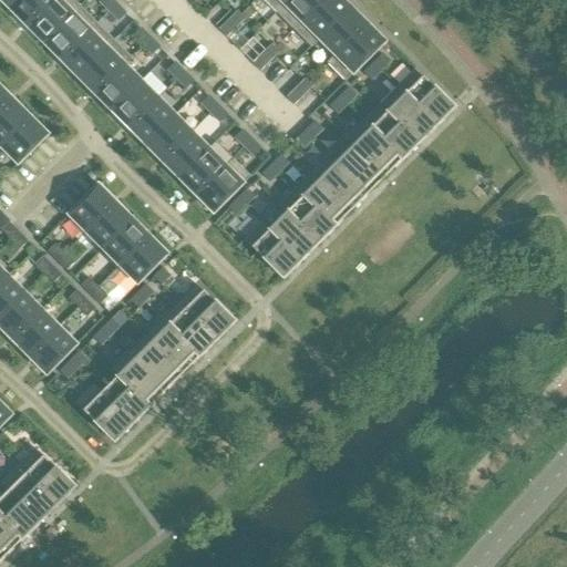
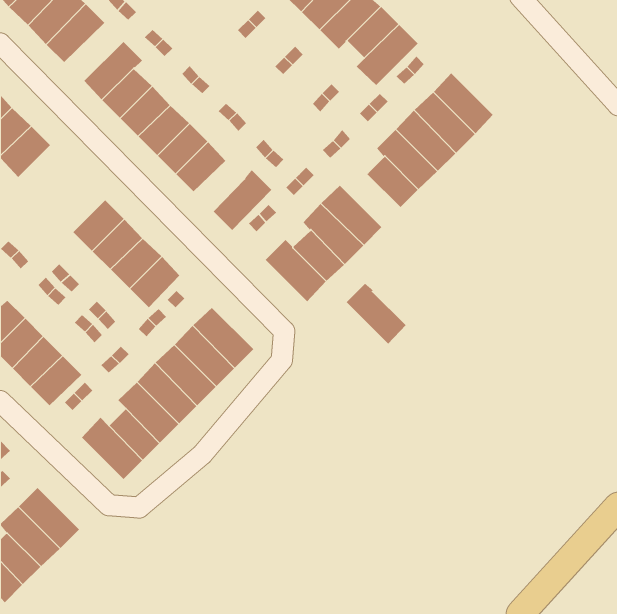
building: [60,21,114,74] -> none
building: [178,147,225,194] -> none
building: [312,152,368,208] -> [346,283,406,345]

